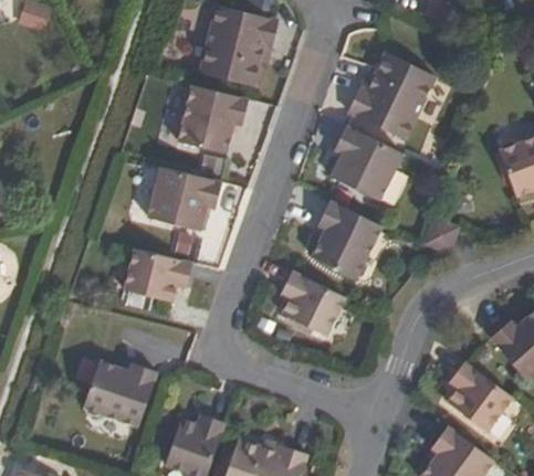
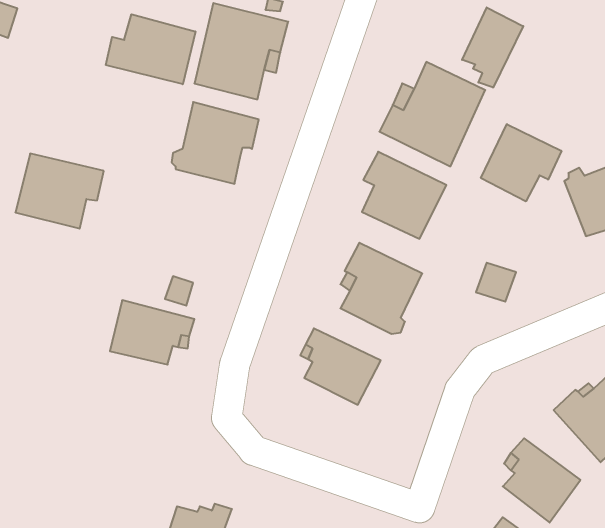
building: none -> [462,7,523,88]
building: none -> [106,14,195,84]
building: none -> [481,124,561,201]
building: [148,168,221,230] -> [15,154,104,229]
building: [83,362,158,426] -> none

